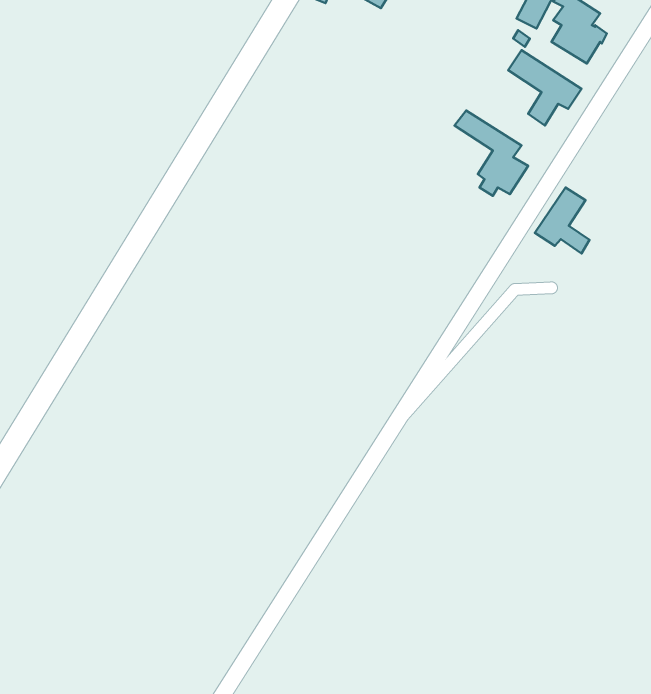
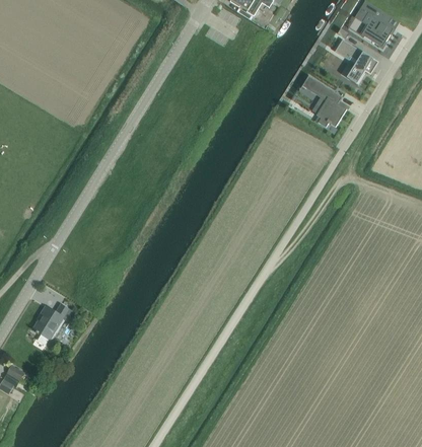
building: [535,187,590,253] -> none
building: none -> [32,305,74,345]

